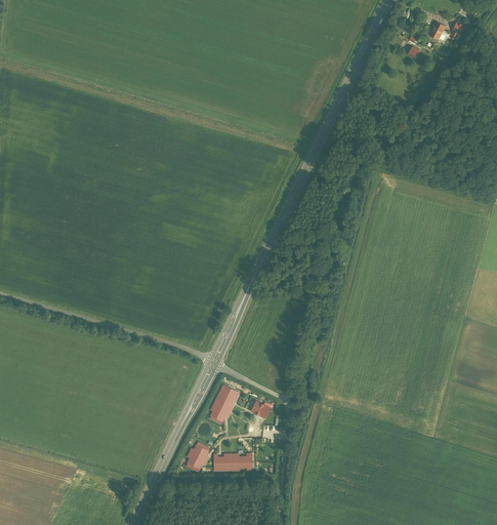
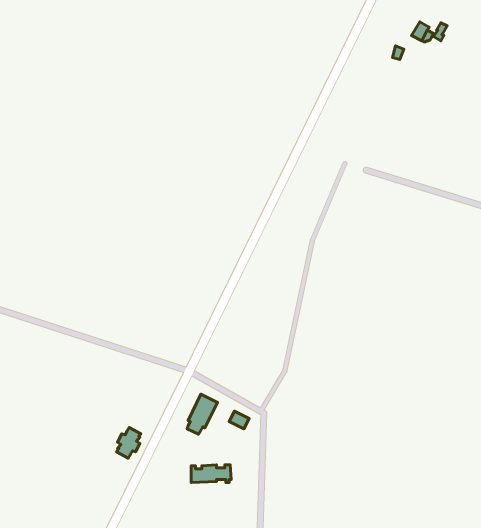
building: [185,442,209,472] -> [117,428,141,458]

